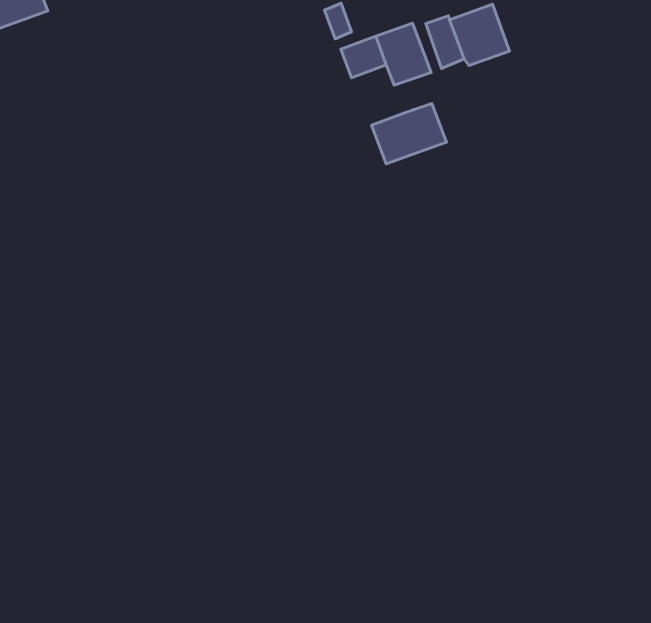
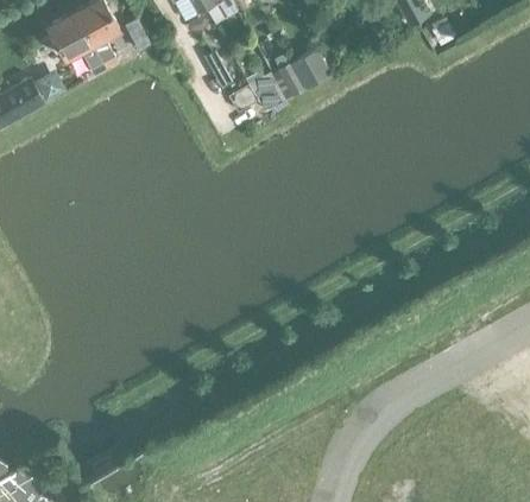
building: [371,104,447,164] -> none

